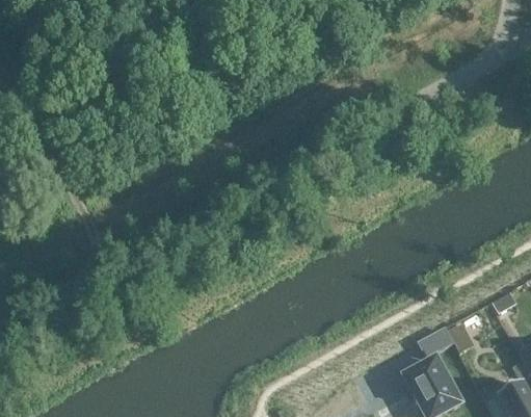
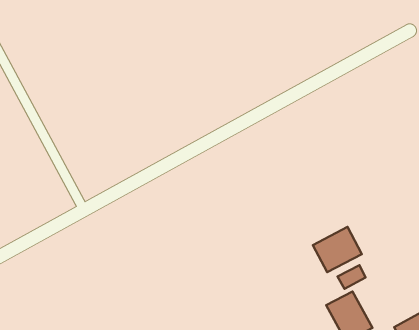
building: none -> [313,227,362,272]

